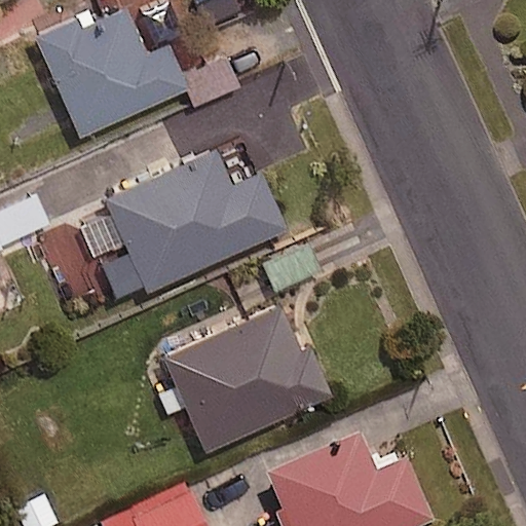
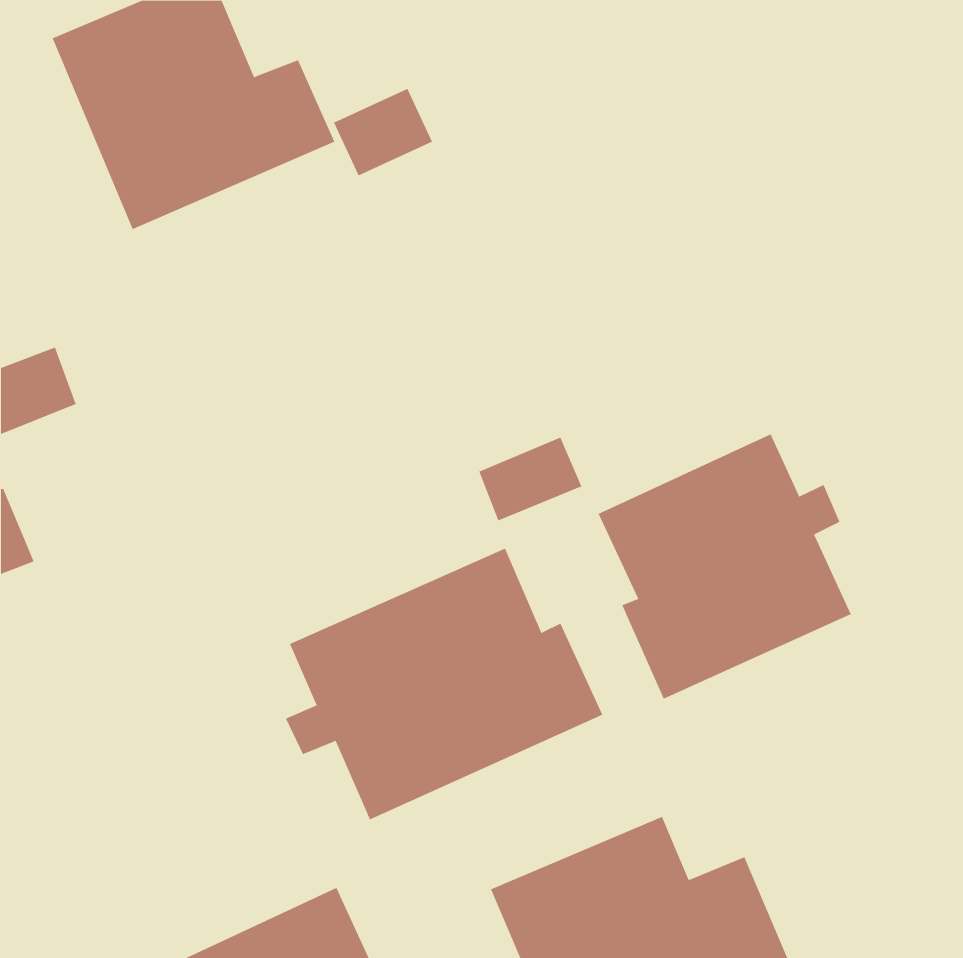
building: [51,151,286,317] -> none
building: none -> [598,434,852,699]

